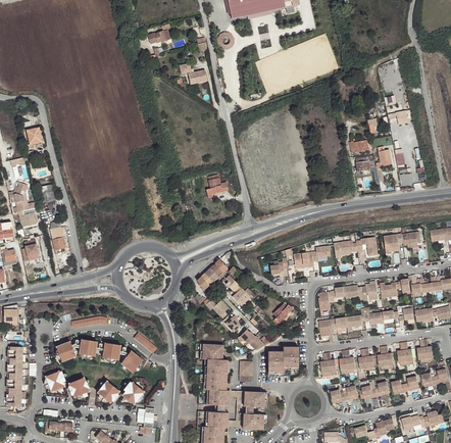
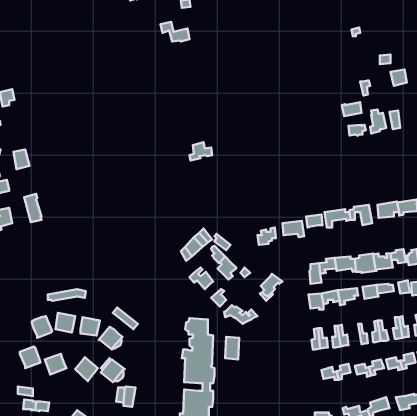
building: [268,347,299,372] -> none
building: [236,391,265,430] -> none

